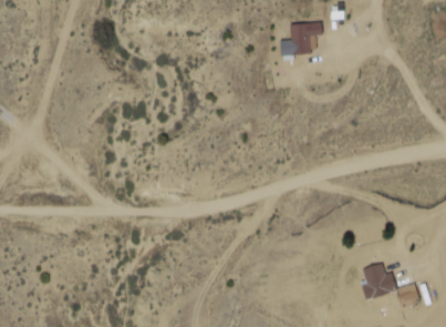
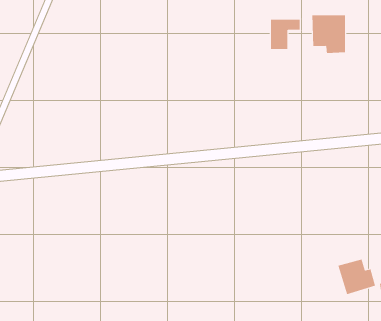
building: none -> [312,15,345,54]

